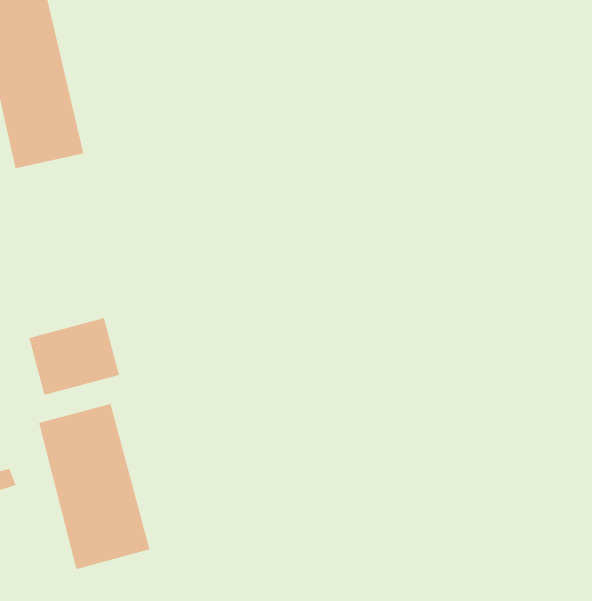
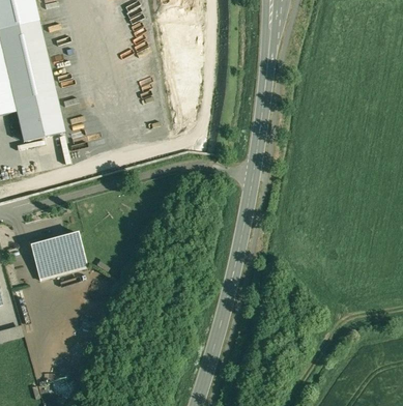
building: [39,403,150,570] -> none

